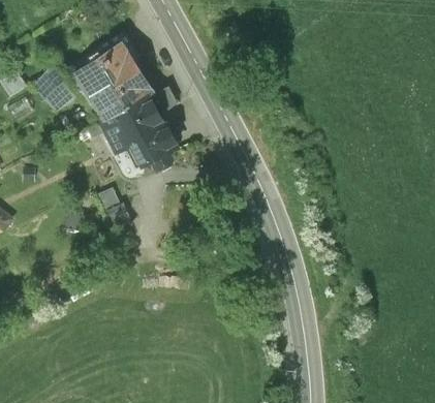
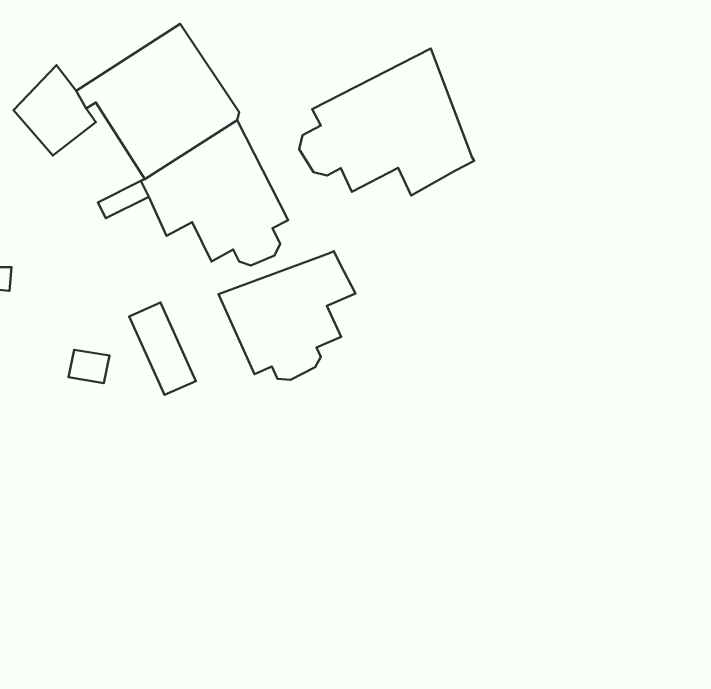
building: none -> [299,49,474,196]
building: none -> [218,251,356,380]

